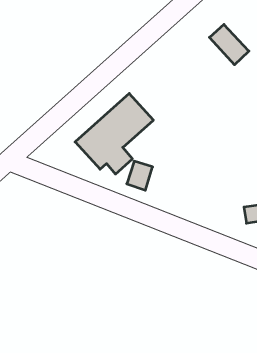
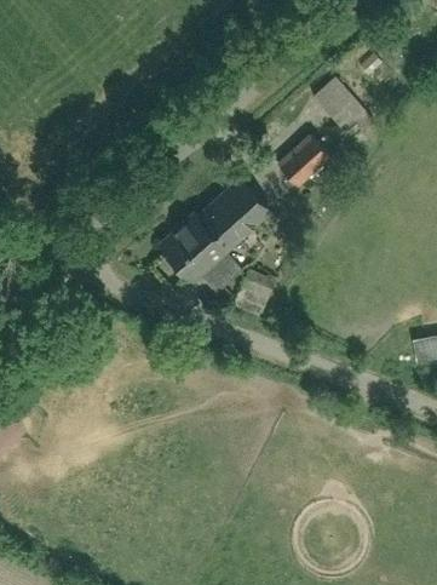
building: [209,24,249,65] -> [315,79,374,139]
building: none -> [276,133,333,189]

